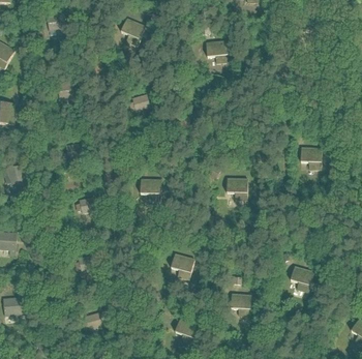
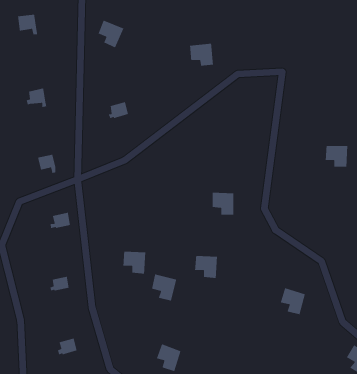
building: [300,148,322,169] -> [325,145,348,168]
building: [140,179,161,201] -> [123,251,146,274]
building: [230,294,251,316] -> [194,255,218,279]

